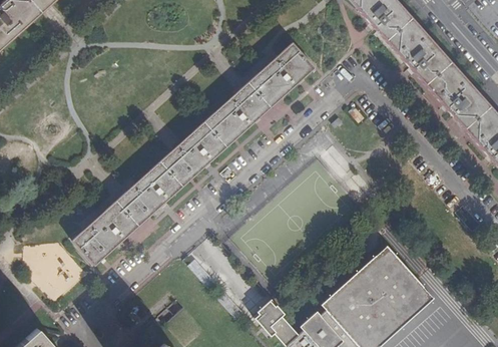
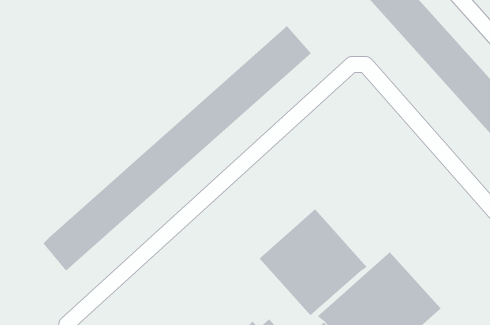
building: none -> [259,209,367,316]

